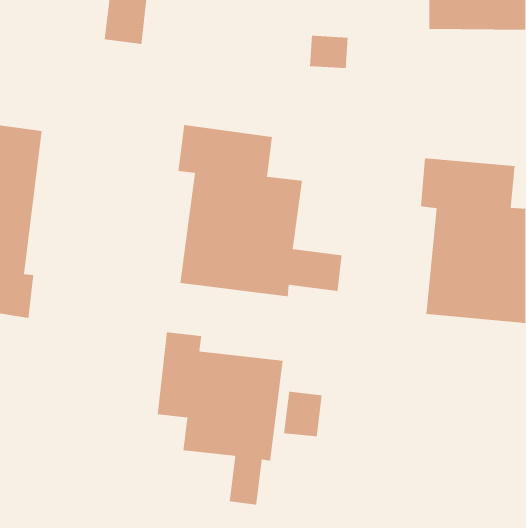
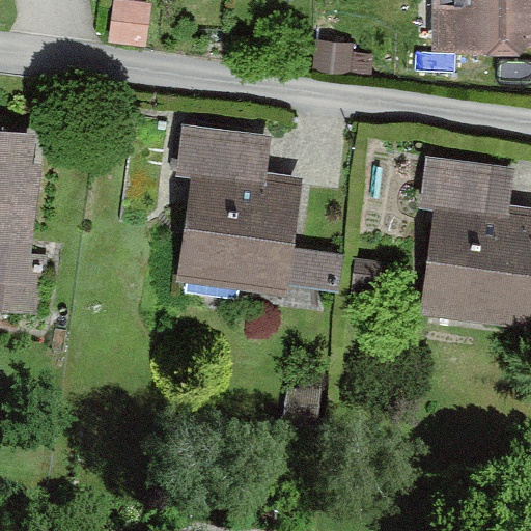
building: [157,331,283,506] -> none

